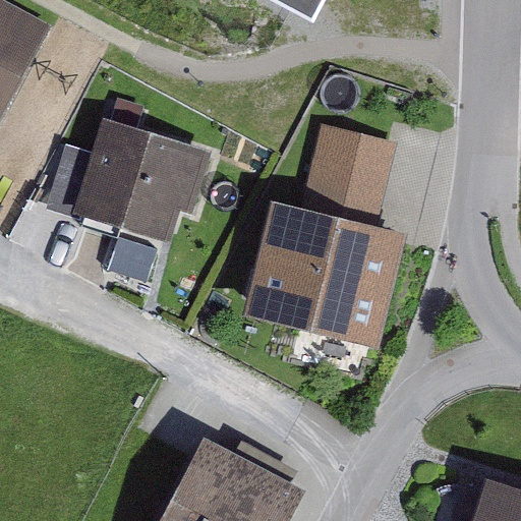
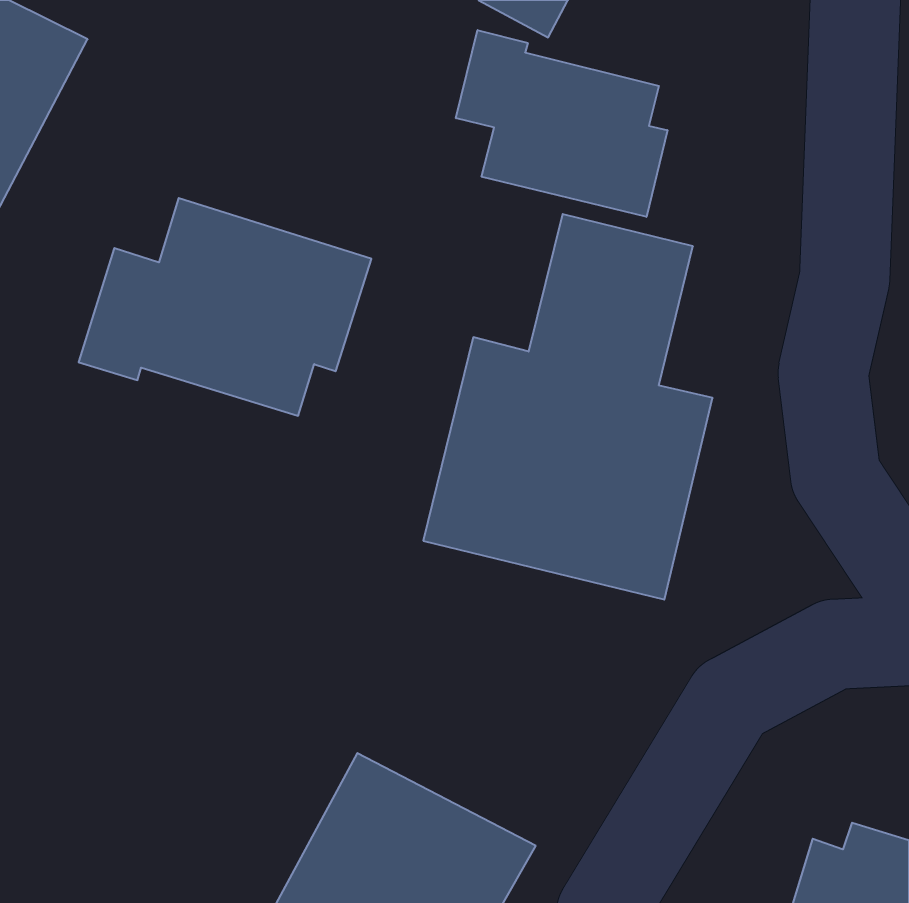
building: none -> [456,30,667,217]

